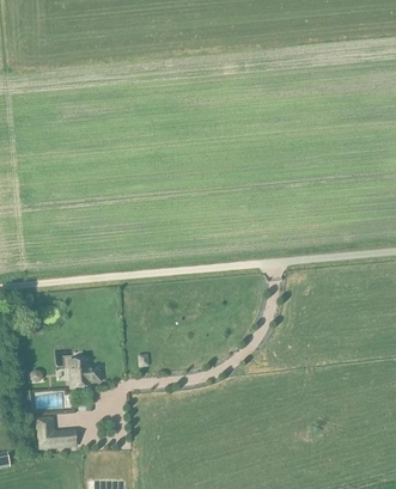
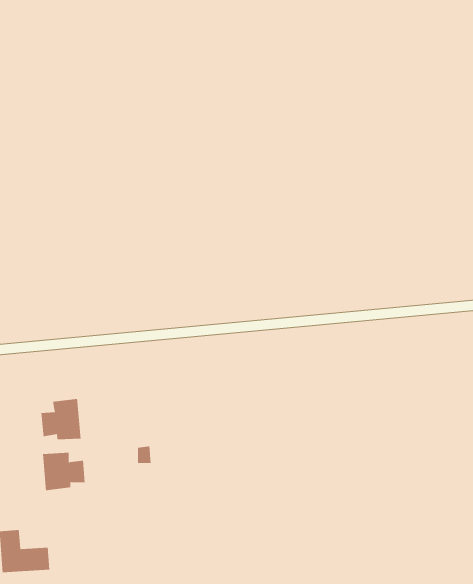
building: none -> [41,398,81,440]

